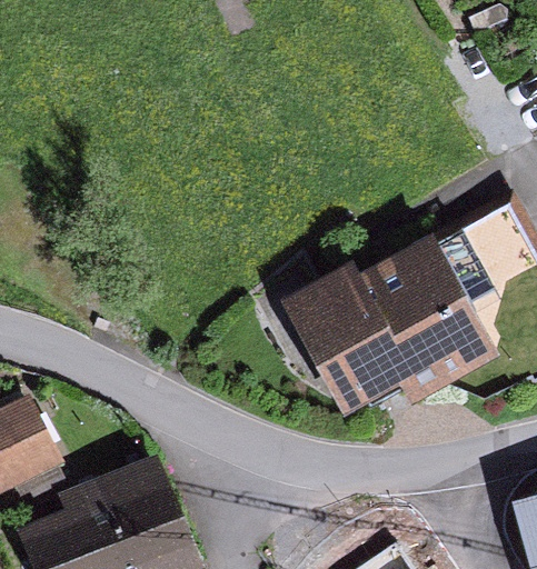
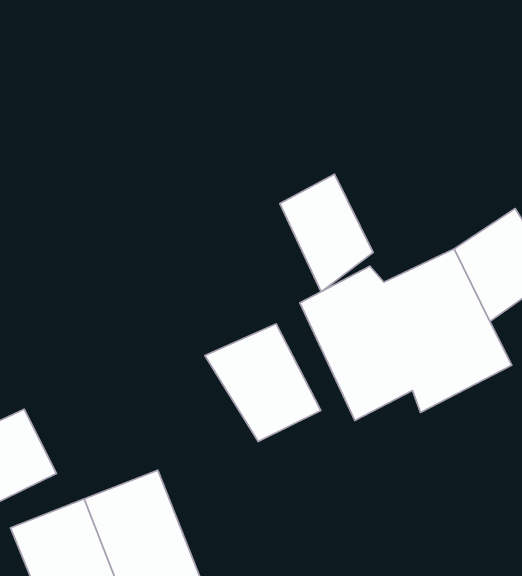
building: none -> [280,174,373,292]
building: none -> [205,324,321,442]

